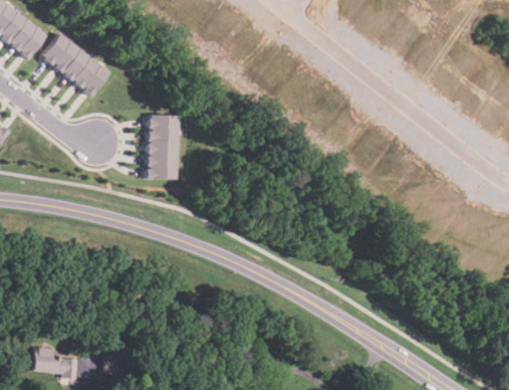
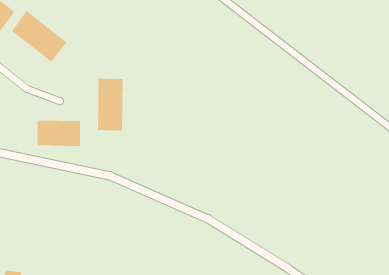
building: none -> [37,120,81,147]

